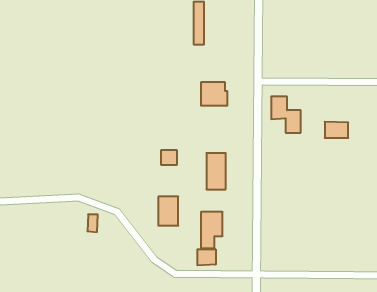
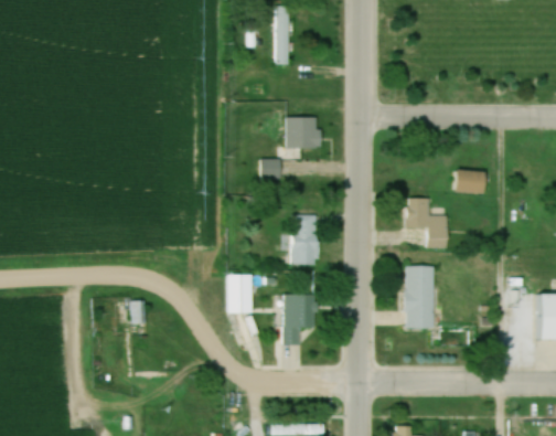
building: [271,97,301,133] -> [407,198,448,247]
building: [161,150,177,165] -> [259,158,281,178]
building: none -> [405,266,435,329]
building: [197,249,216,265] -> none

